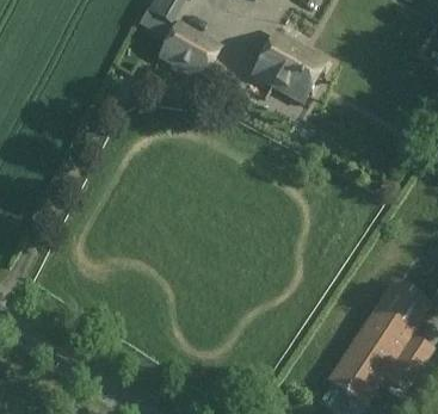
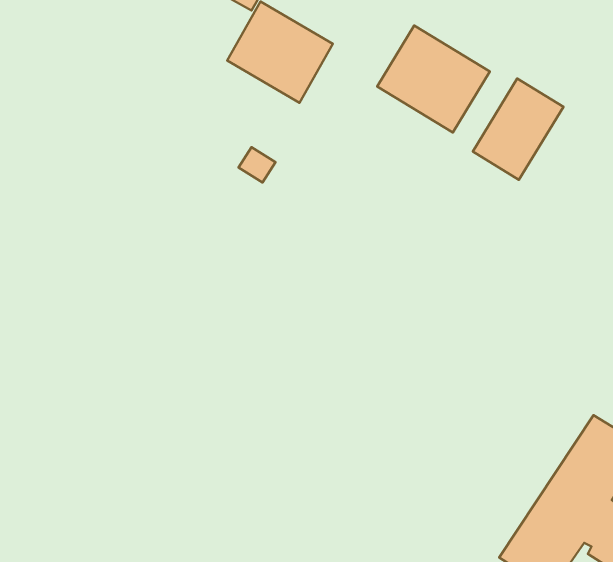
building: none -> [473,78,563,180]

